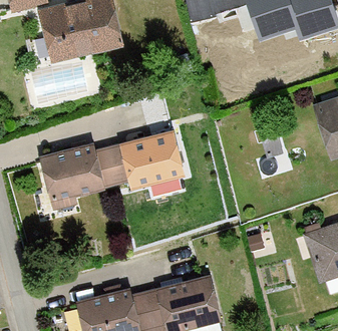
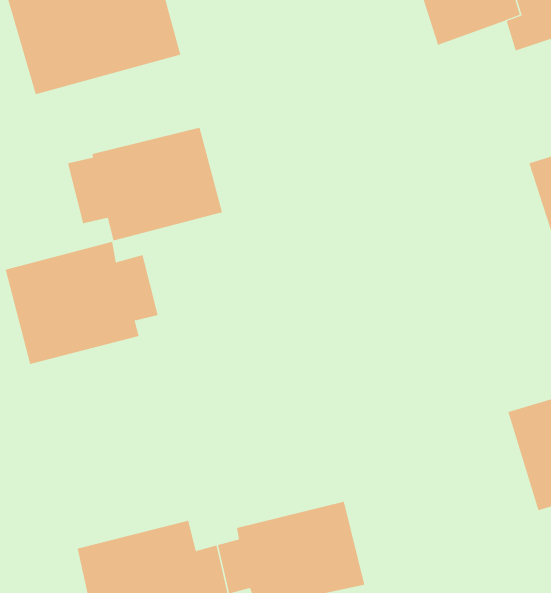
building: [108,129,191,190] -> [67,127,223,241]

